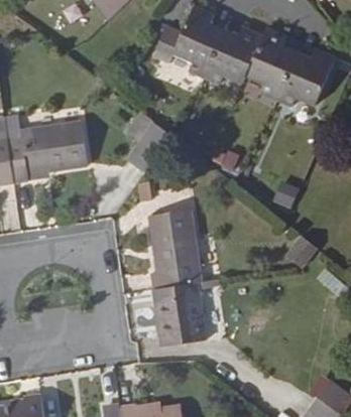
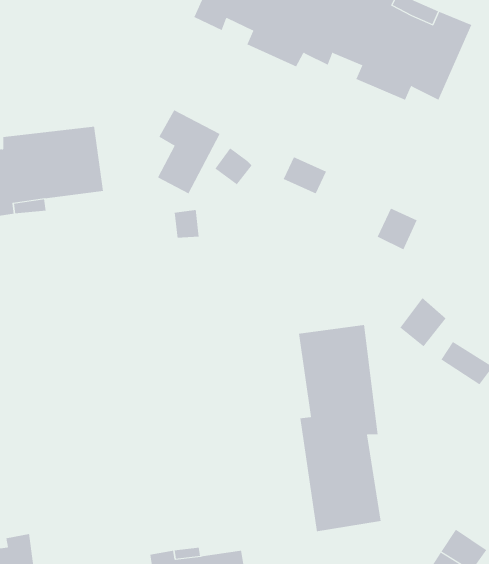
building: [149,211,205,349] -> [298,324,381,532]

